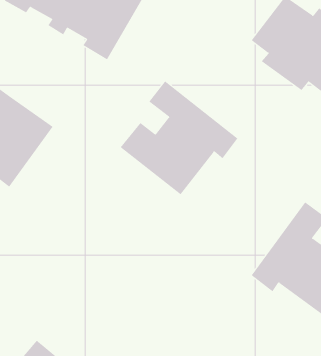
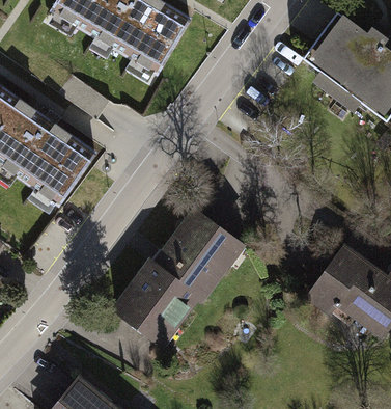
building: [120,80,238,195] -> none
building: none -> [106,211,243,356]

